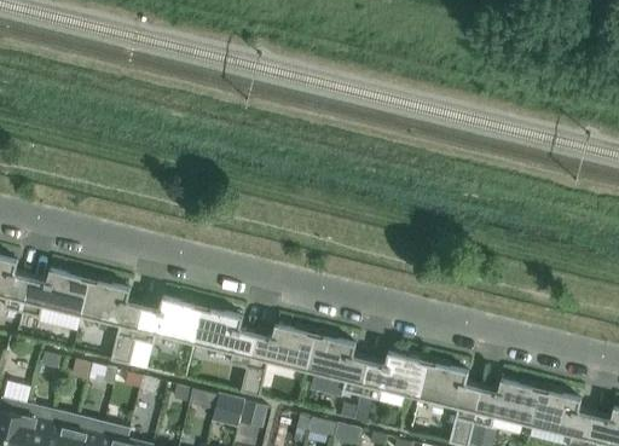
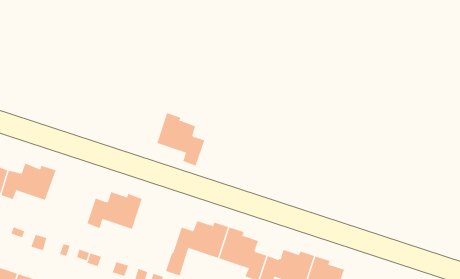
building: [81,276,144,365] -> none
building: [195,303,256,369] -> [156,112,205,166]

